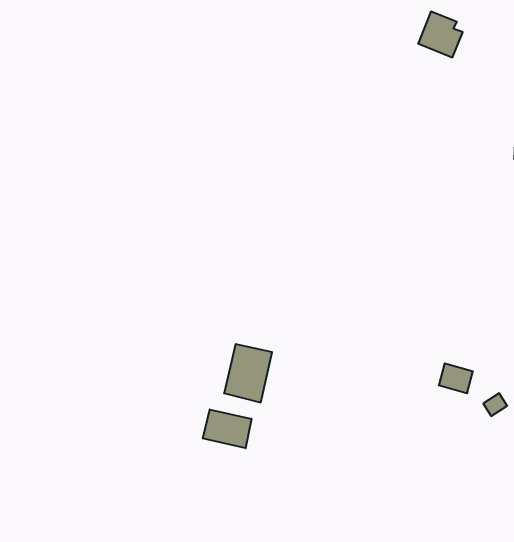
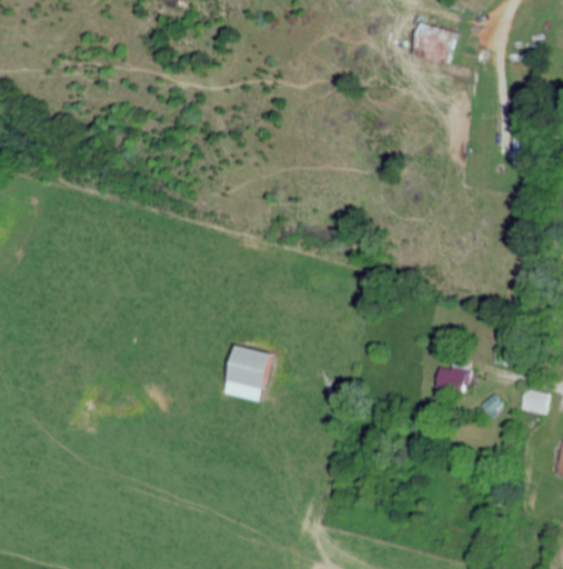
building: [203,409,251,448] -> none

